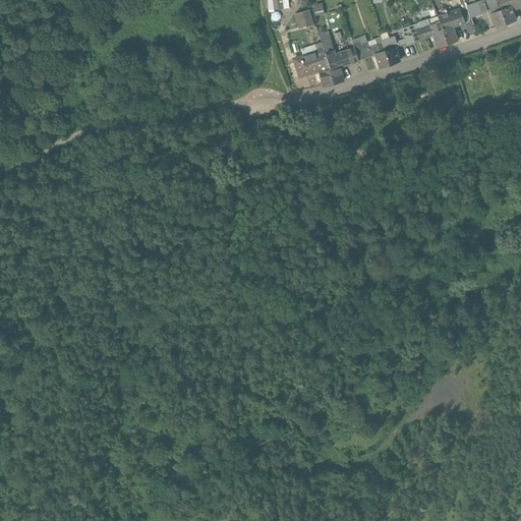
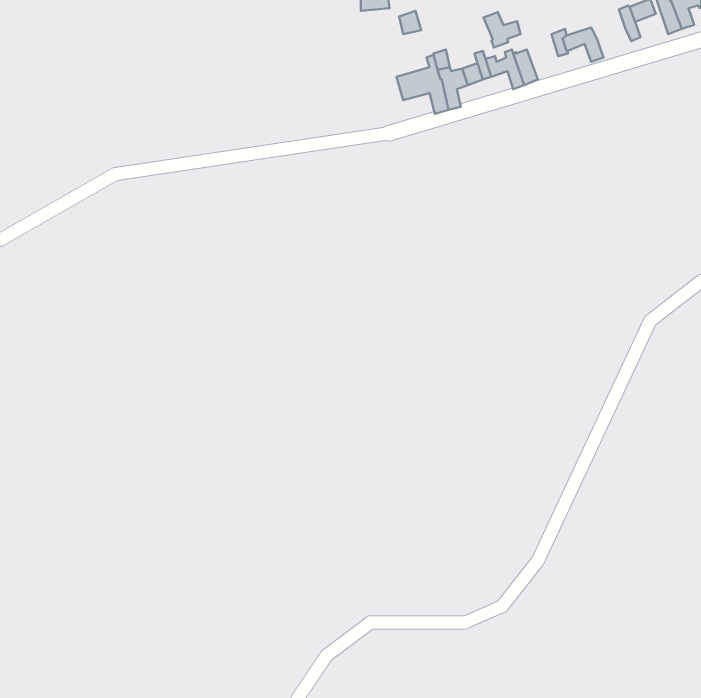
building: [438,7,464,43] -> none
building: none -> [483,12,520,48]

